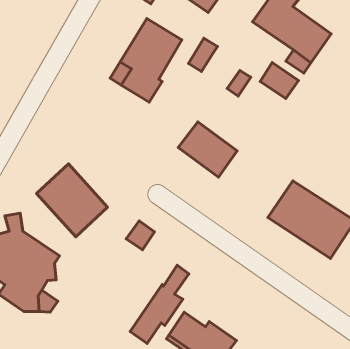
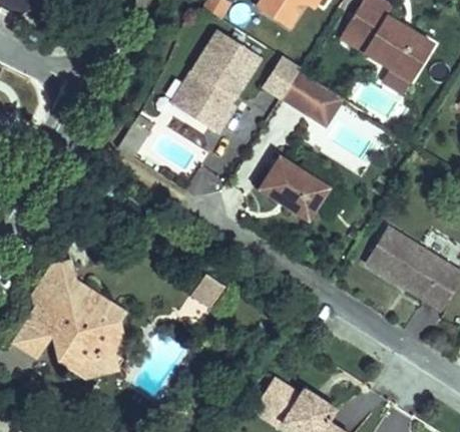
building: [260,63,299,99] -> [284,65,329,107]
building: [36,164,108,237] -> none
building: [130,265,189,343] -> none

